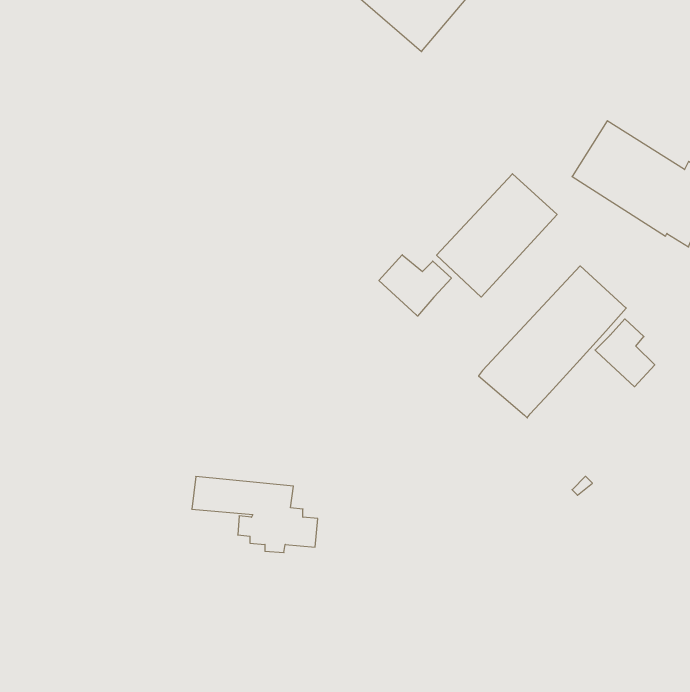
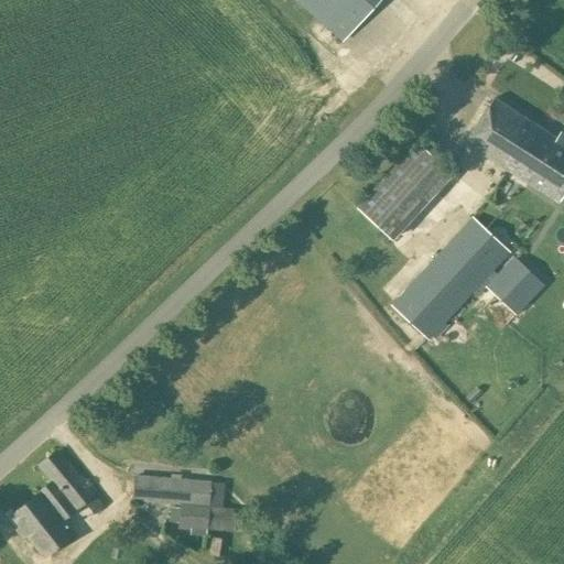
building: [379,255,451,316] -> none
building: [192,477,318,553] -> [133,474,236,535]
building: none -> [13,452,96,556]

